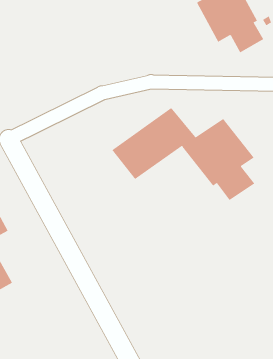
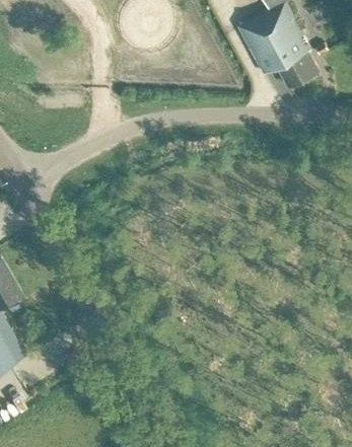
building: [111,107,255,201] -> none

